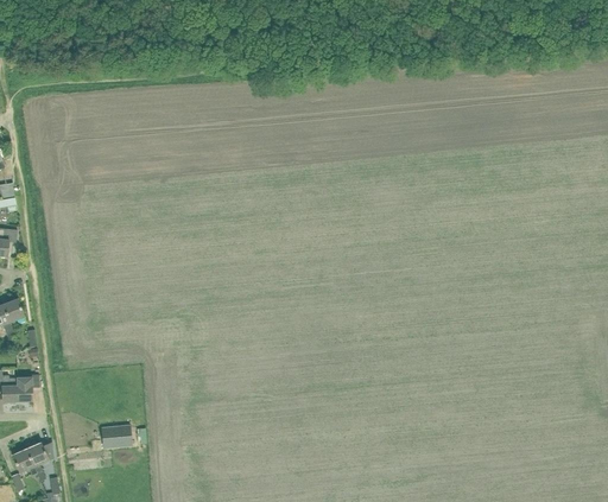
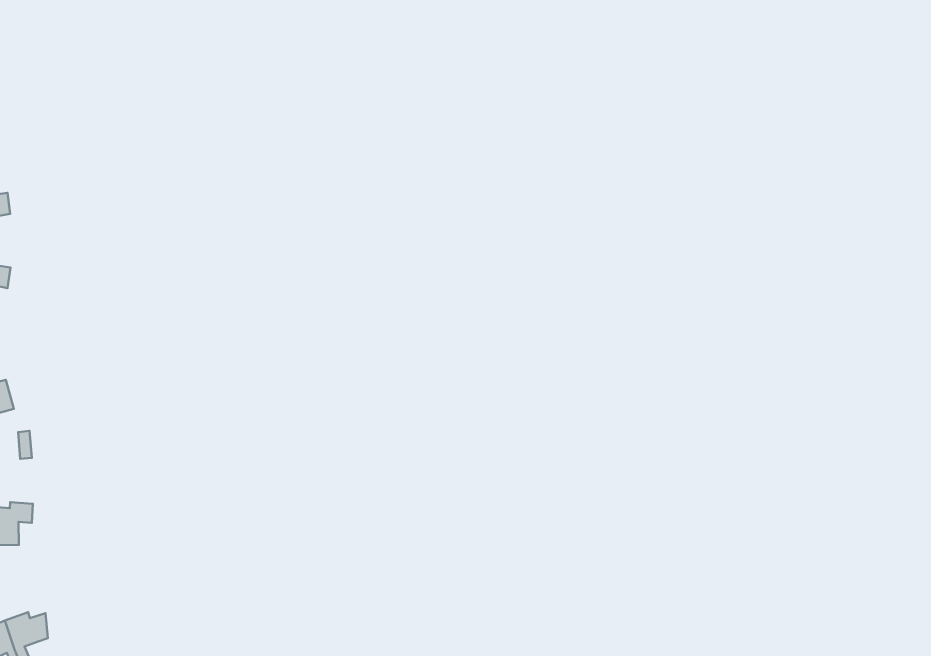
building: [101,426,132,447] -> none

